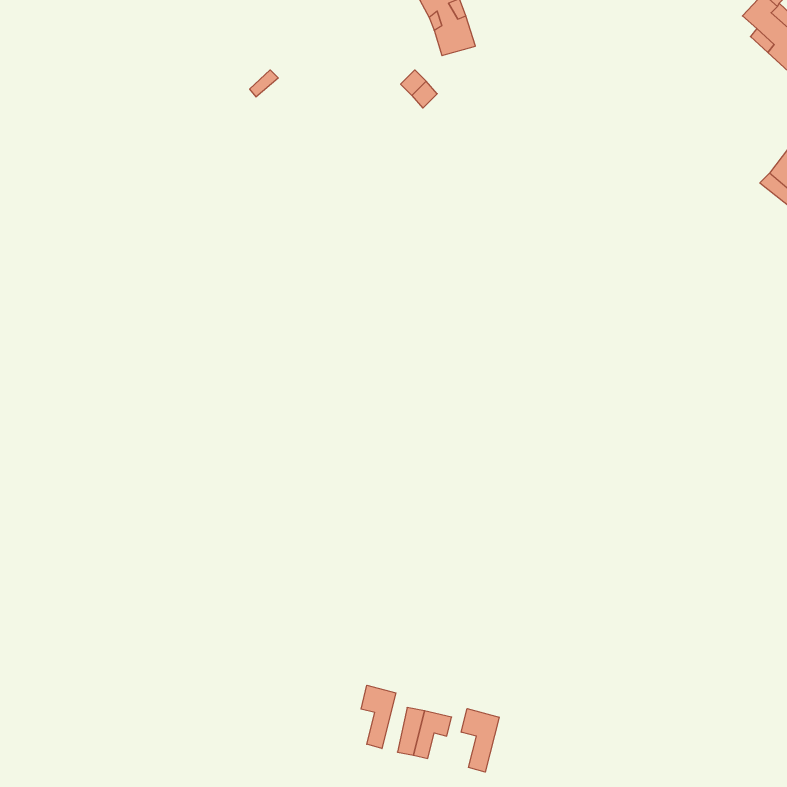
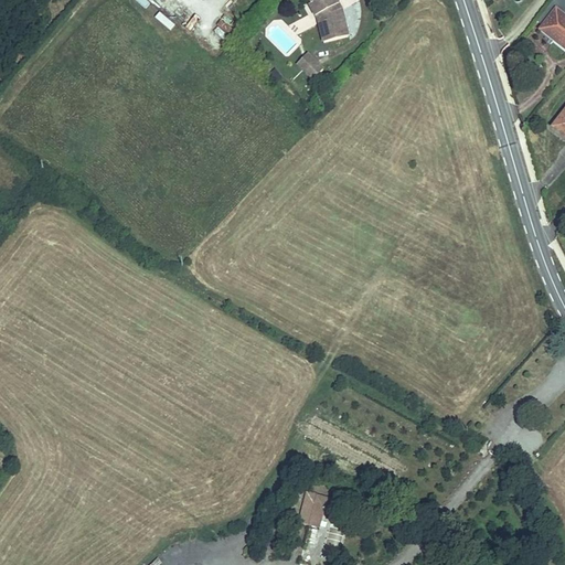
building: [361,685,396,749] -> none
building: [461,709,499,772] -> none

